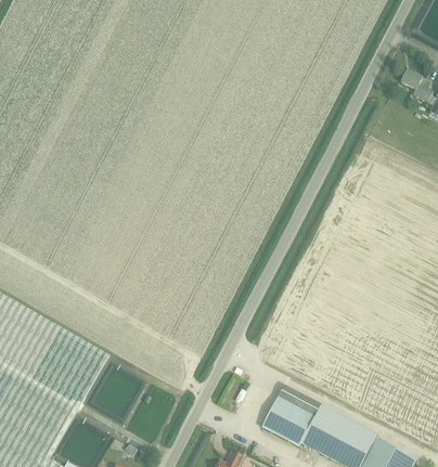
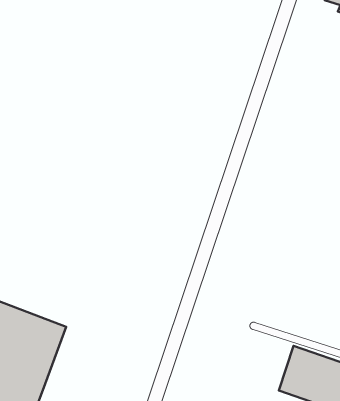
building: [262,385,320,445] -> none

